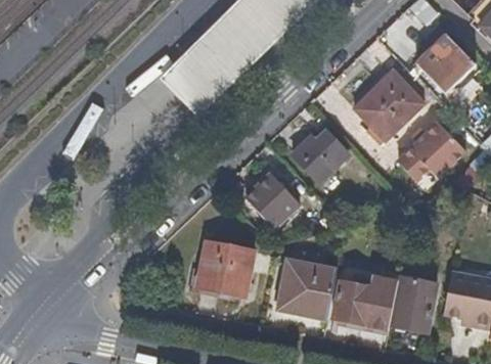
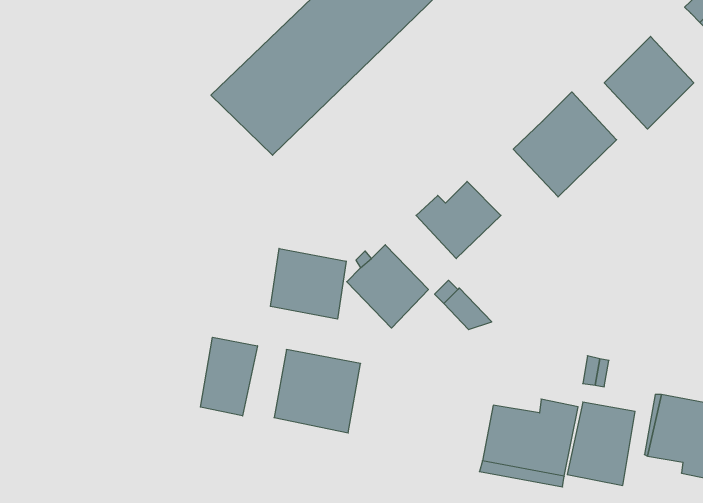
building: [399,124,466,182] -> none
building: none -> [270,248,346,319]
building: none -> [200,337,257,416]
building: [281,263,338,317] -> none

